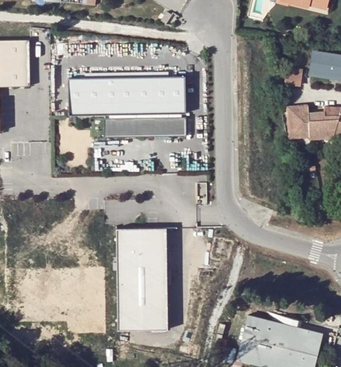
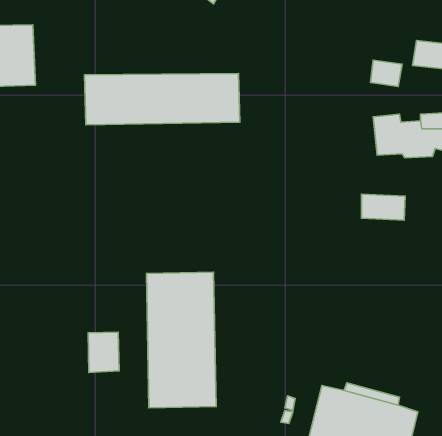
building: [104,116,186,136] -> none
building: none -> [361,194,405,220]
building: none -> [88,332,119,372]

